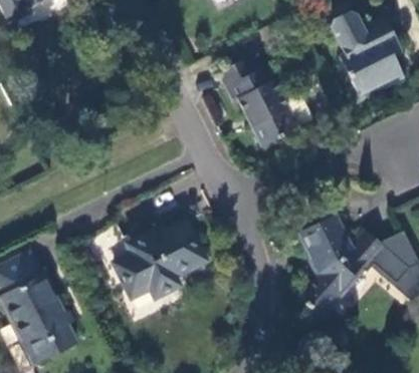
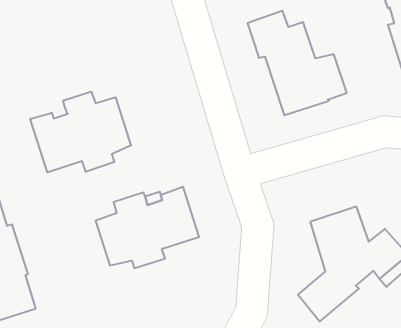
building: none -> [30,92,131,172]

